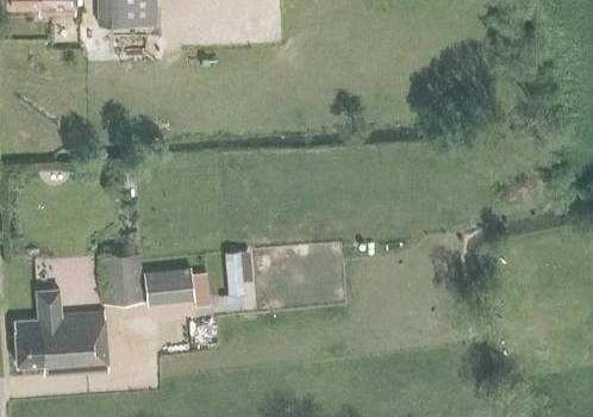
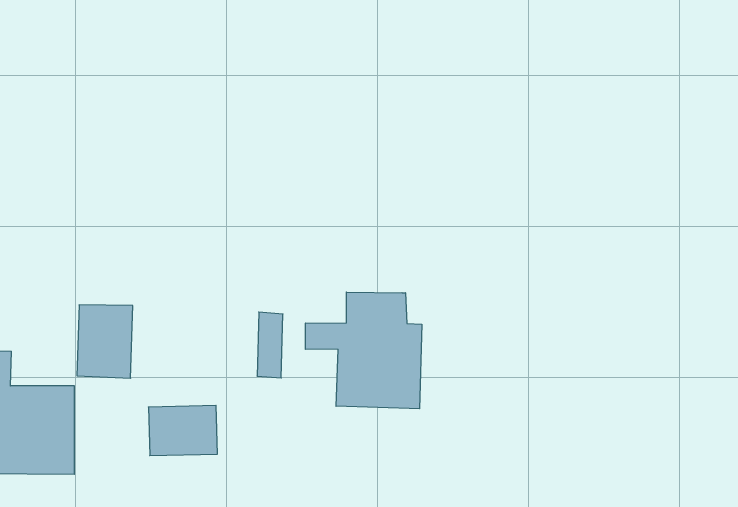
building: none -> [305,292,422,409]
building: [144,267,194,305] -> [148,405,217,456]

